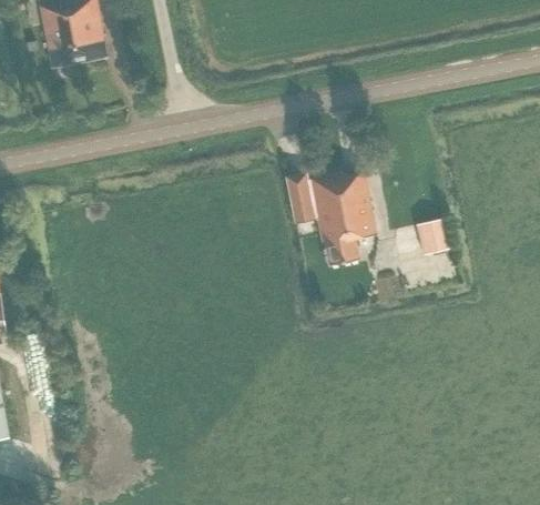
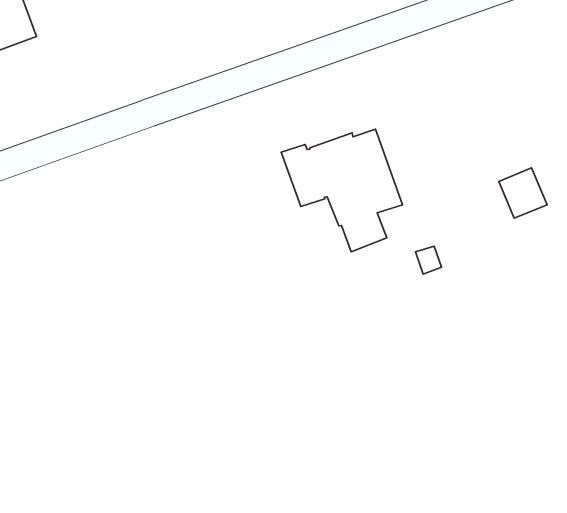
building: [415,215,450,253] -> [499,168,547,218]

